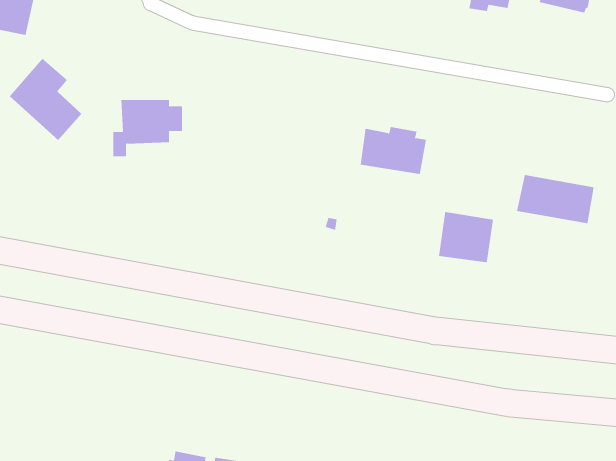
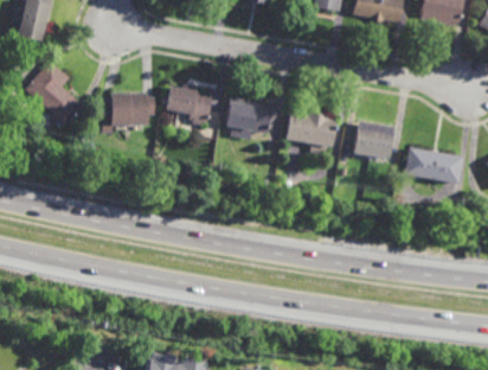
building: none -> [169,85,217,126]
building: none -> [230,97,276,140]
building: [438,212,494,263] -> [355,120,397,158]

